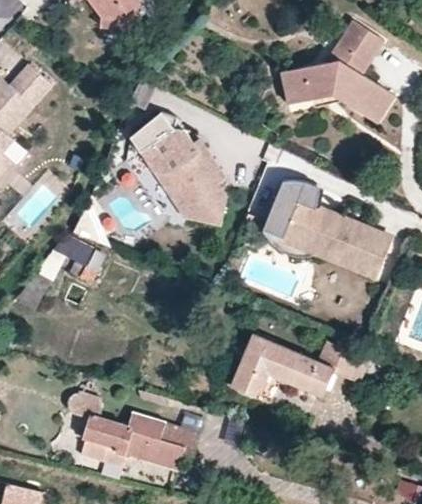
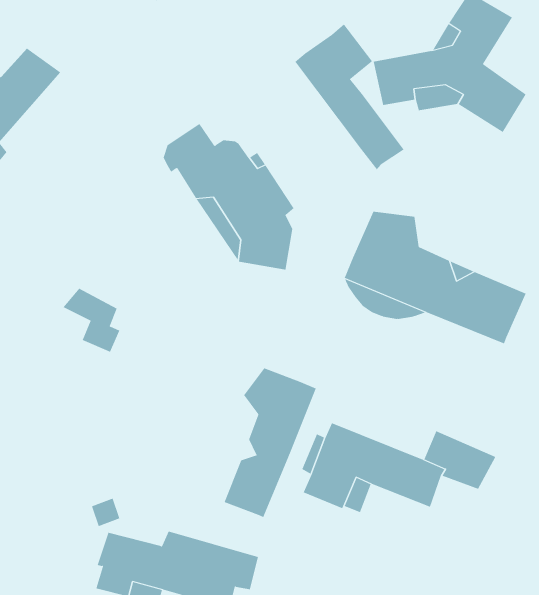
building: none -> [294,24,404,170]
building: none -> [224,368,317,518]

